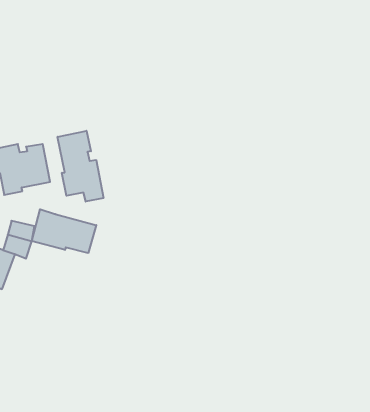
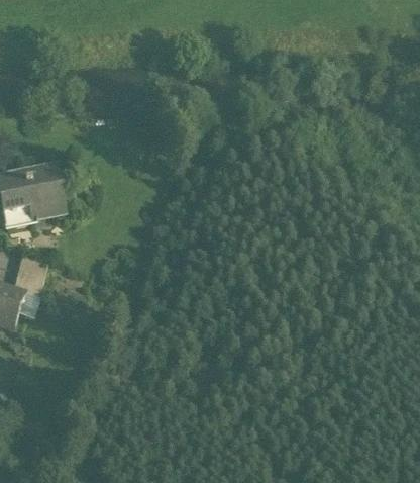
building: [58,131,103,202] -> none
building: [32,209,96,253] -> none

